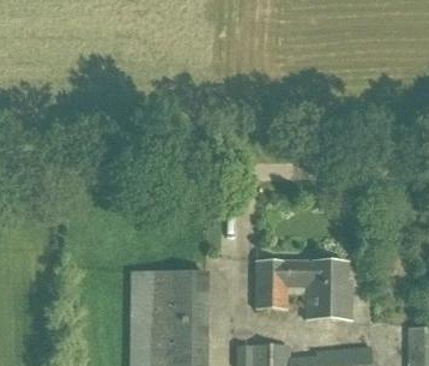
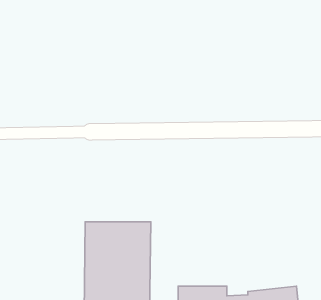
building: [256,259,352,319] -> none

